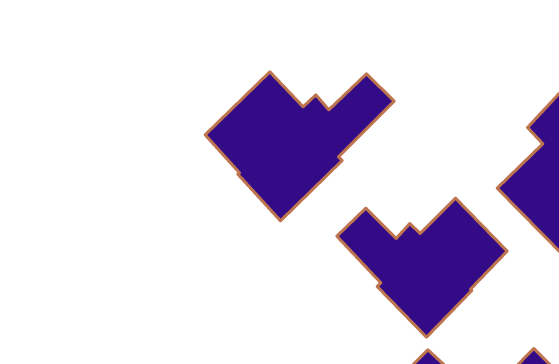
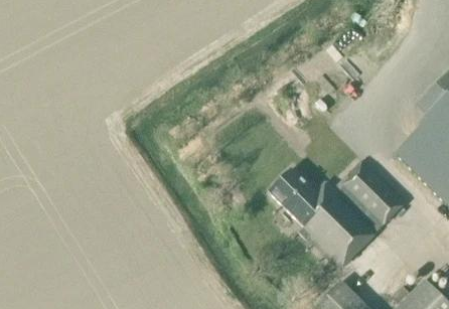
building: [205,72,394,221] -> none

